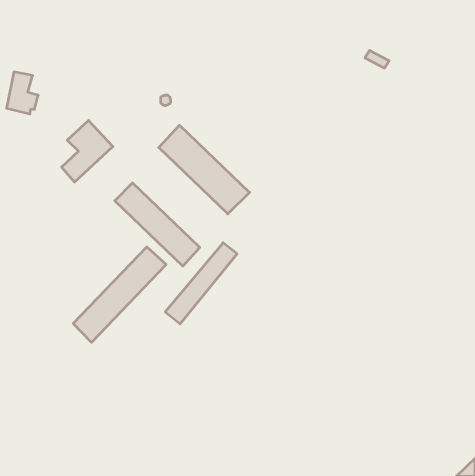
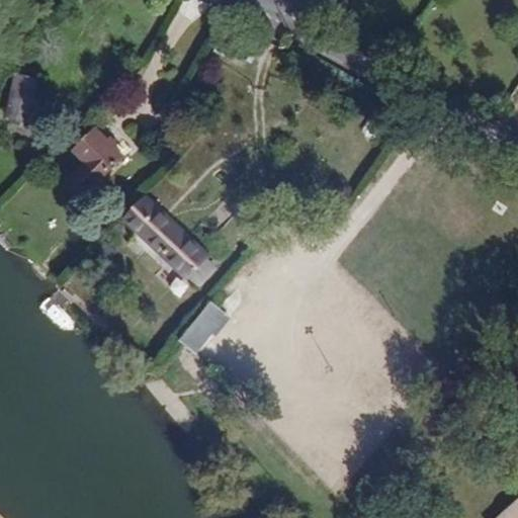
building: [159,125,250,214] -> none
building: [73,247,166,342] -> none

